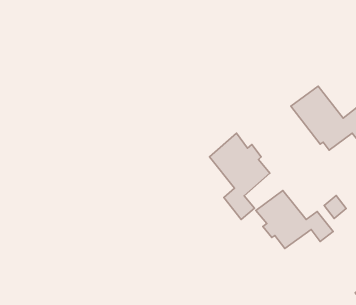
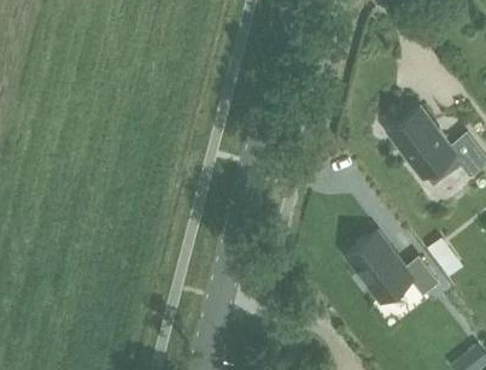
building: [209,133,270,219] -> none

